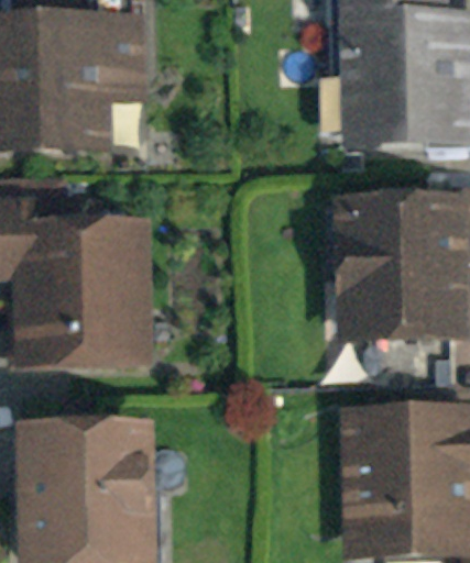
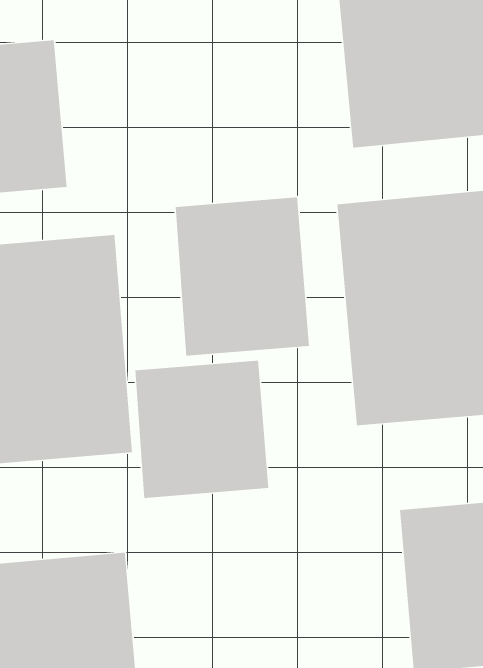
building: none -> [175,196,310,356]
building: none -> [134,360,269,499]

